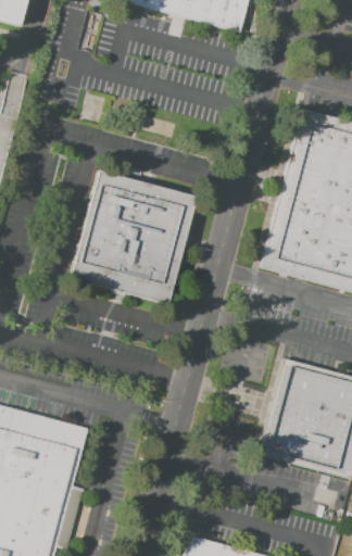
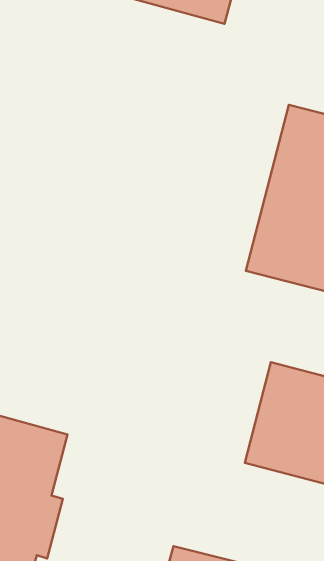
building: [71,170,198,307] -> none

